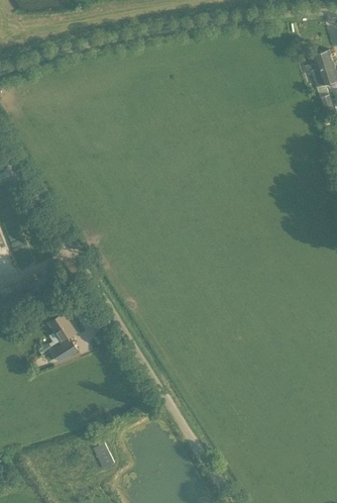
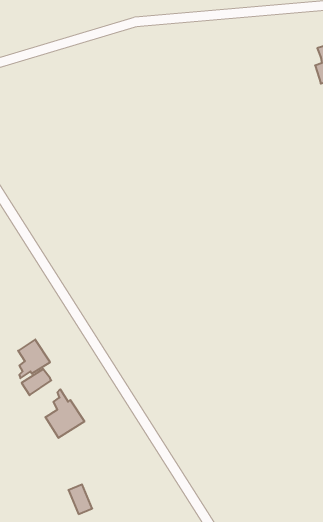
building: none -> [45,389,84,438]

